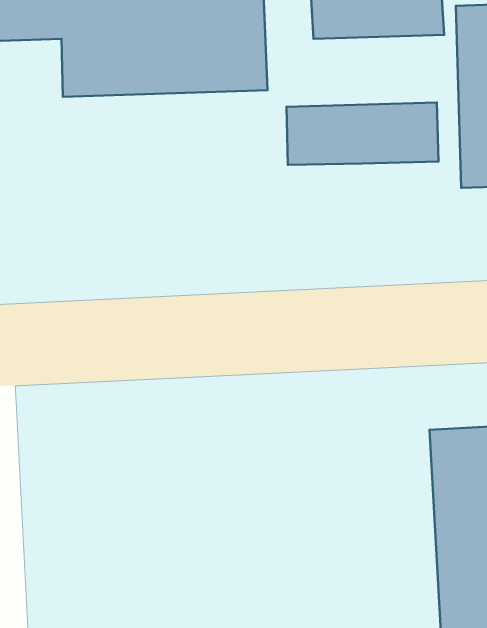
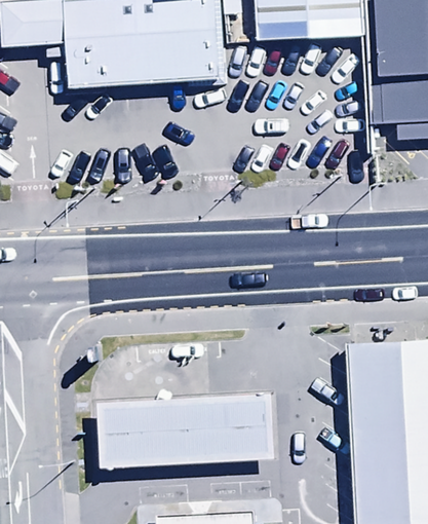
building: [287,102,438,165] -> none
building: none -> [96,392,270,470]

